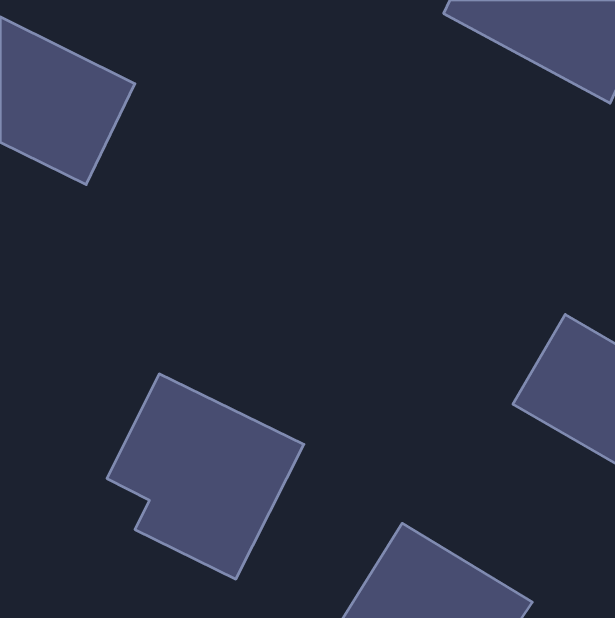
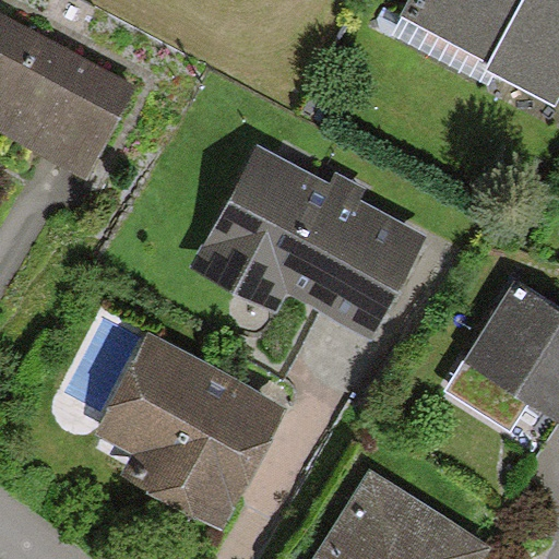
building: none -> [193,147,415,323]

